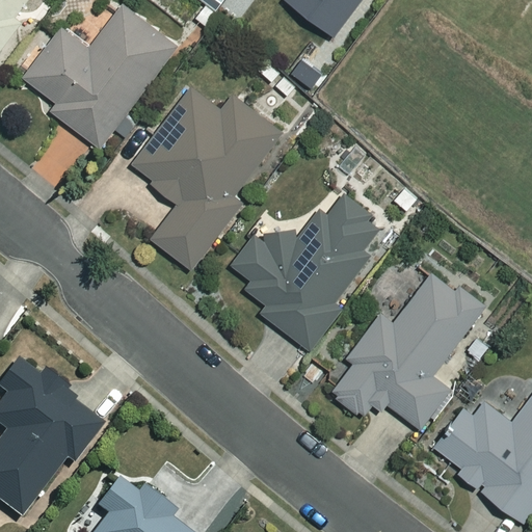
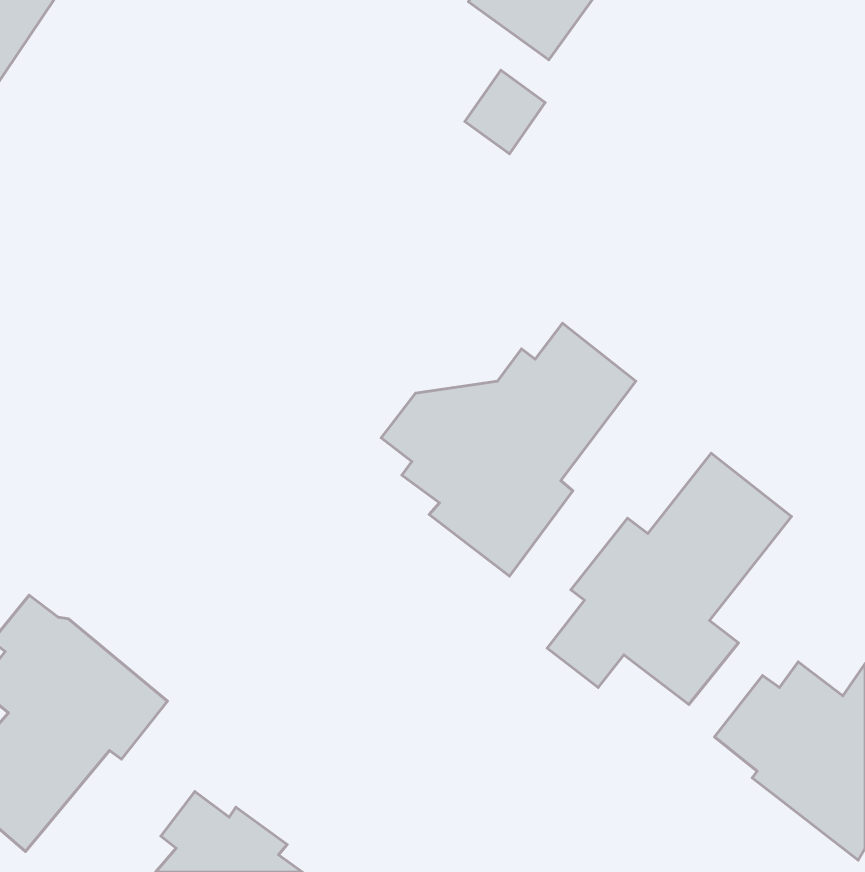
building: [24,6,176,148] -> none
building: [131,88,282,269] -> none

